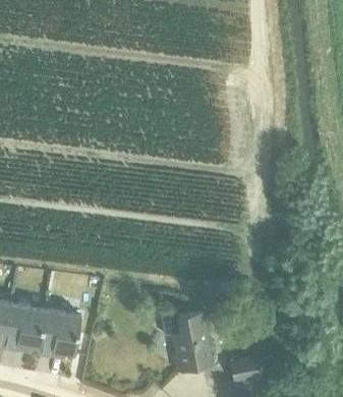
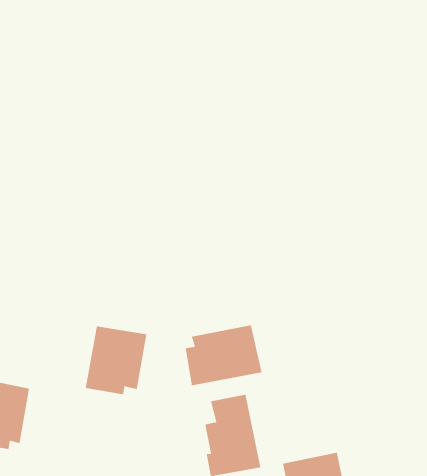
building: none -> [185,325,262,386]
building: [37,307,82,358] -> [85,326,147,395]

